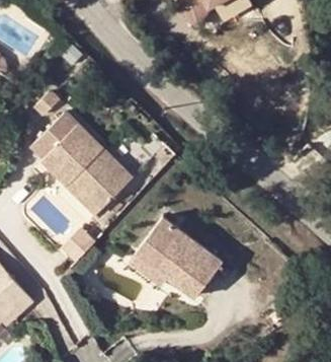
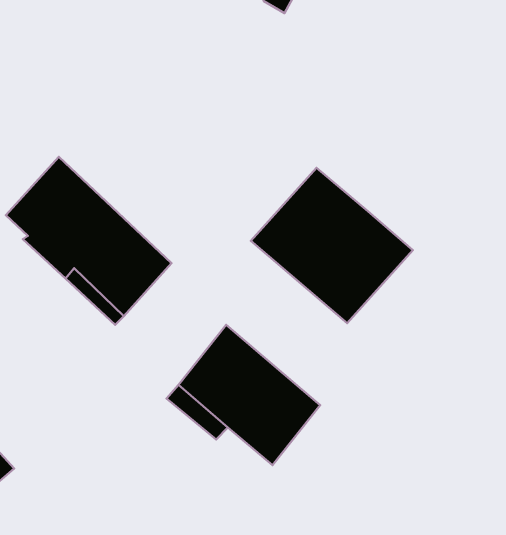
building: none -> [251,168,413,323]

